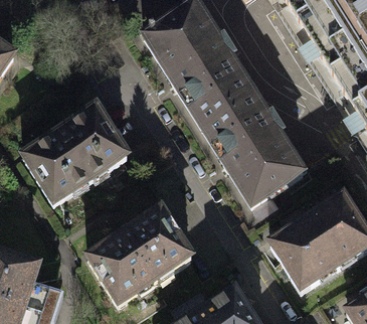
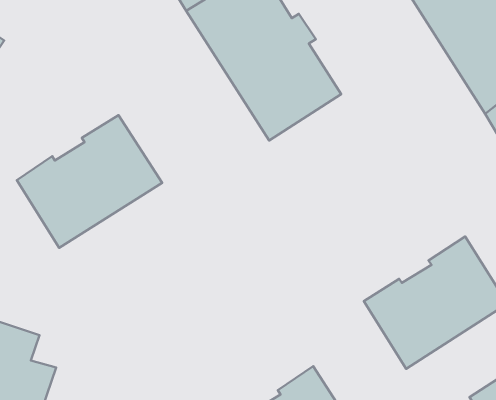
building: [203,92,304,202] -> none
building: [87,207,191,302] -> none

